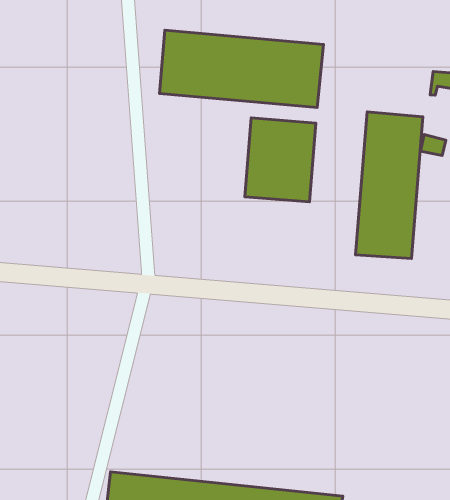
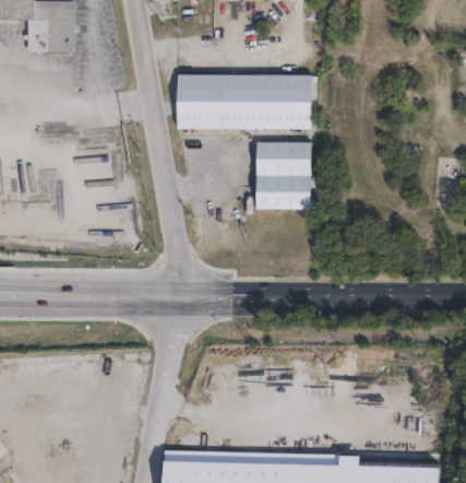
building: [356,112,423,259] -> none

